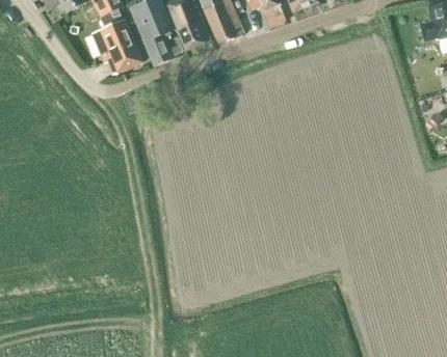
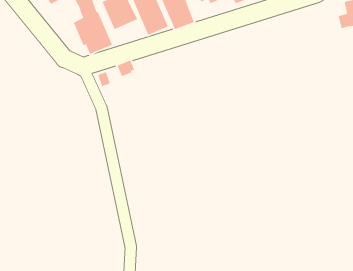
building: [143,28,183,61] -> none

